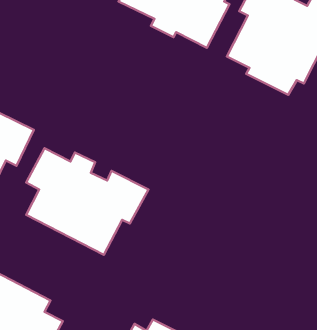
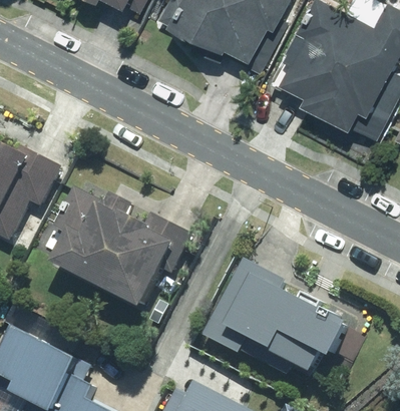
building: none -> [204,260,353,379]

